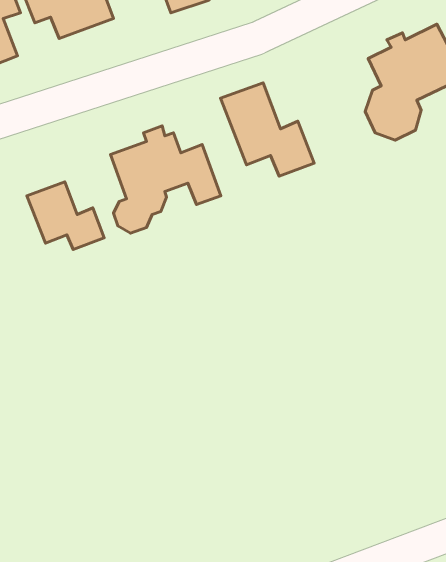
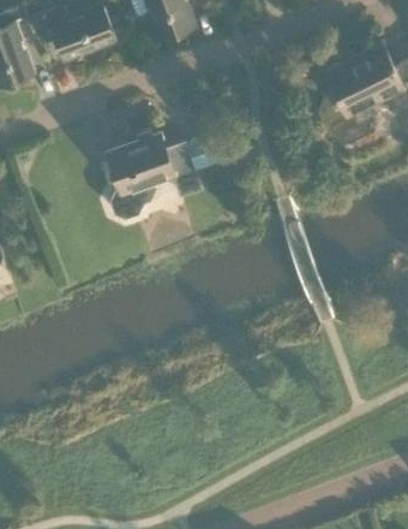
building: [220,83,314,176] -> none
building: [27,182,104,249] -> none

